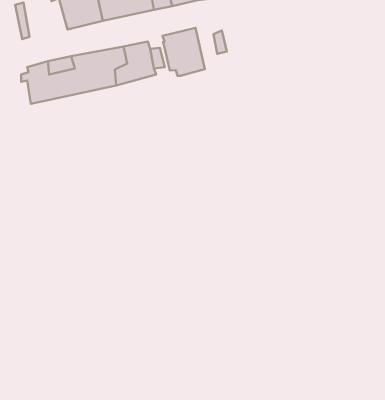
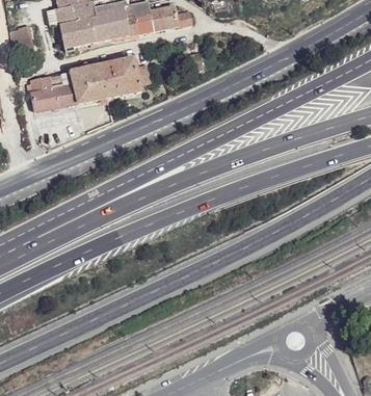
building: [163,28,205,76] -> none

